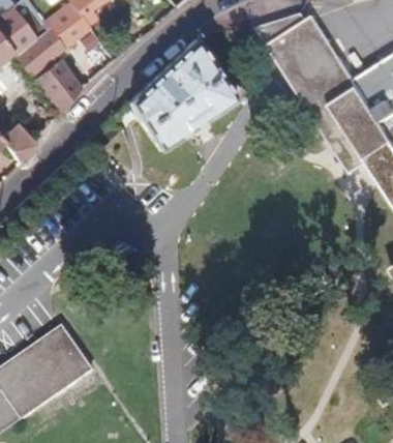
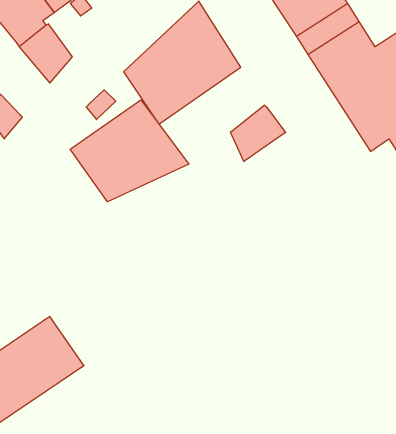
building: none -> [70,100,189,202]
building: none -> [230,105,286,162]

